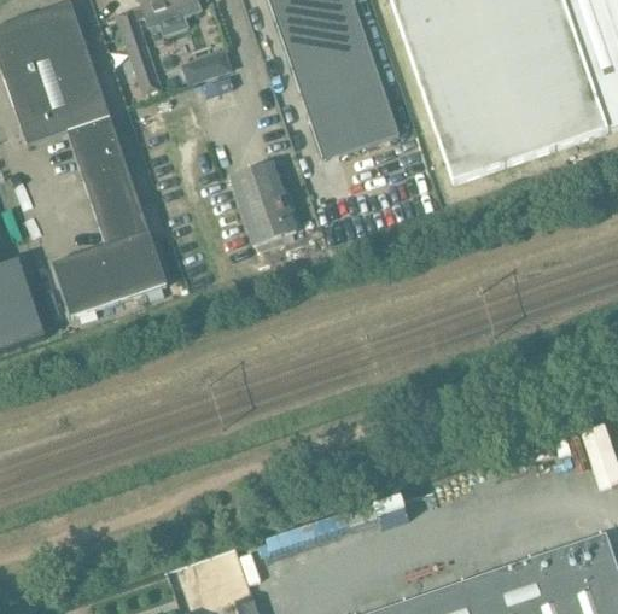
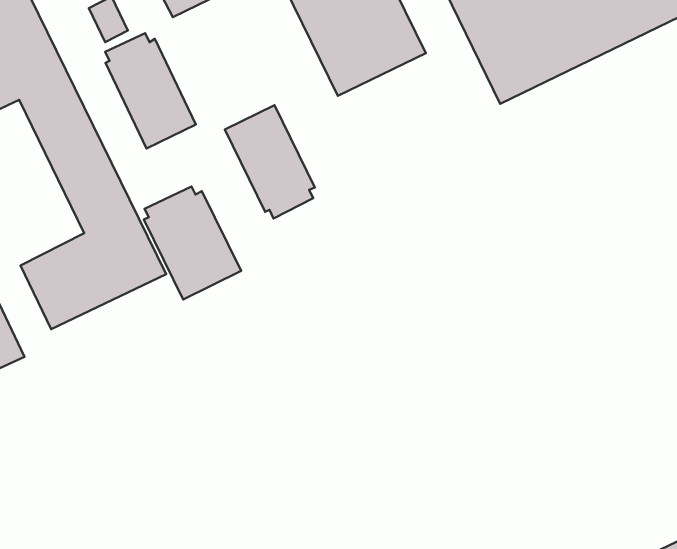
building: none -> [105,33,196,148]
building: none -> [144,186,241,300]

